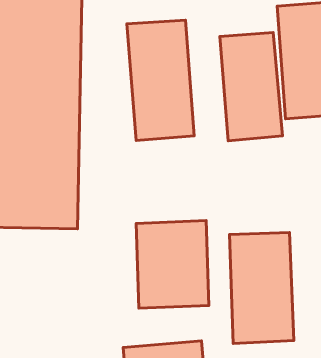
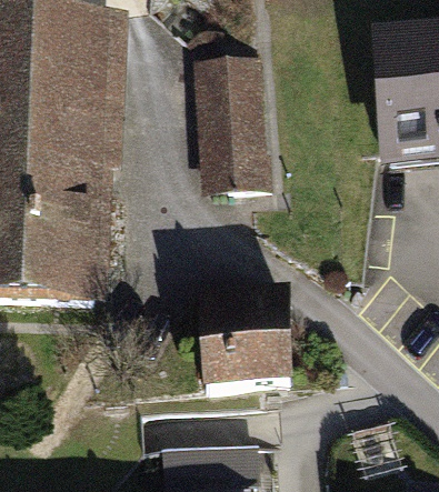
building: [220,32,282,141] -> none
building: [230,233,294,343] -> none

